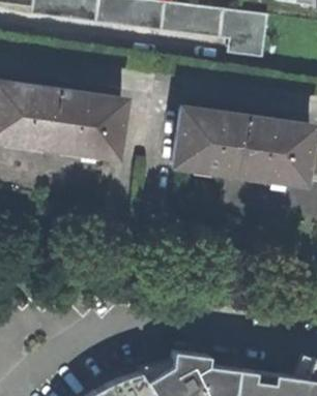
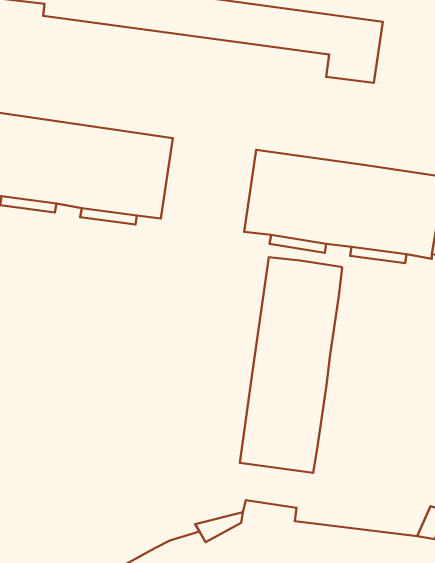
building: none -> [240,257,342,473]

